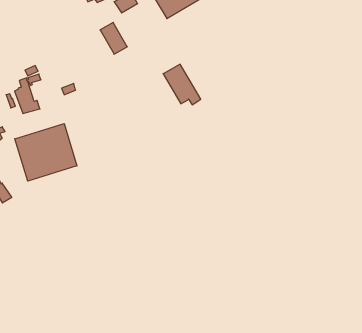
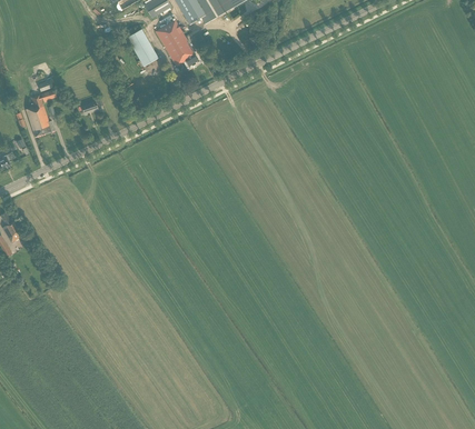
building: [163,64,201,105] -> [155,20,199,68]
building: [15,124,77,181] -> none

